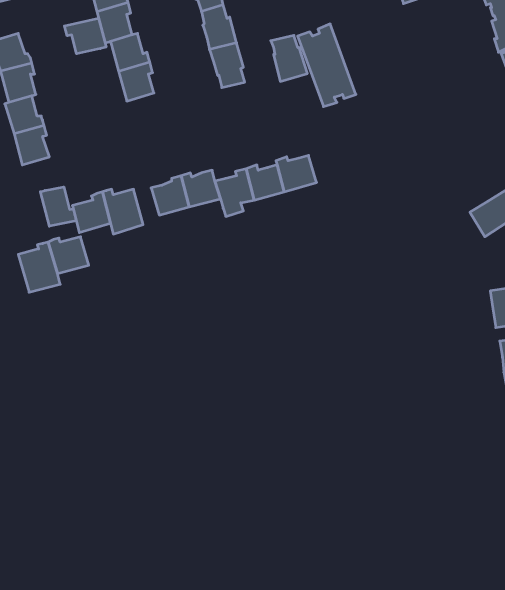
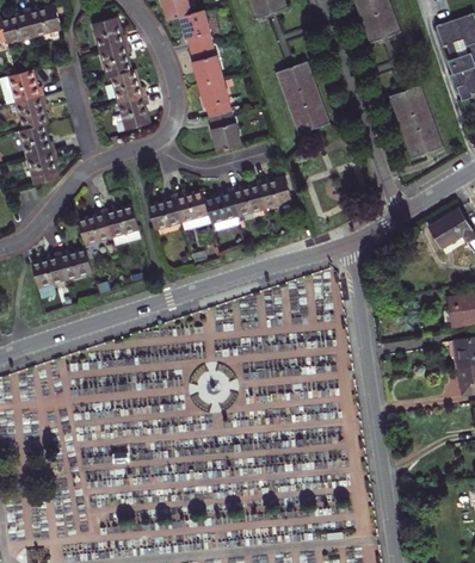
building: [64,18,106,54] -> none
building: [271,35,307,81] -> [210,112,242,153]
building: none -> [390,85,442,157]
building: [40,187,76,226] -> none

